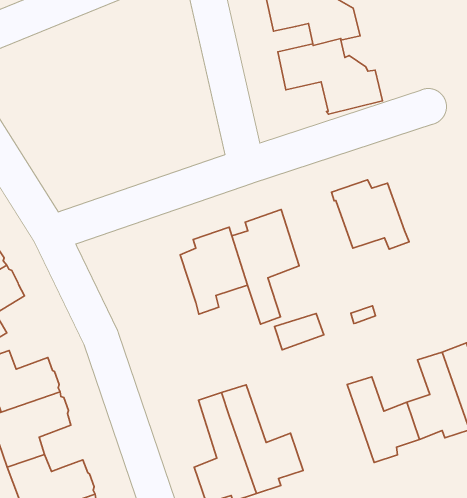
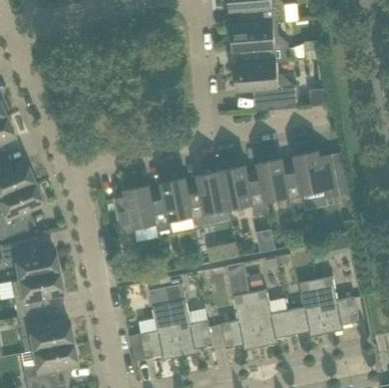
building: none -> [293,150,340,198]
building: none -> [222,164,268,213]
building: none -> [113,184,156,239]
building: none -> [221,263,261,349]

